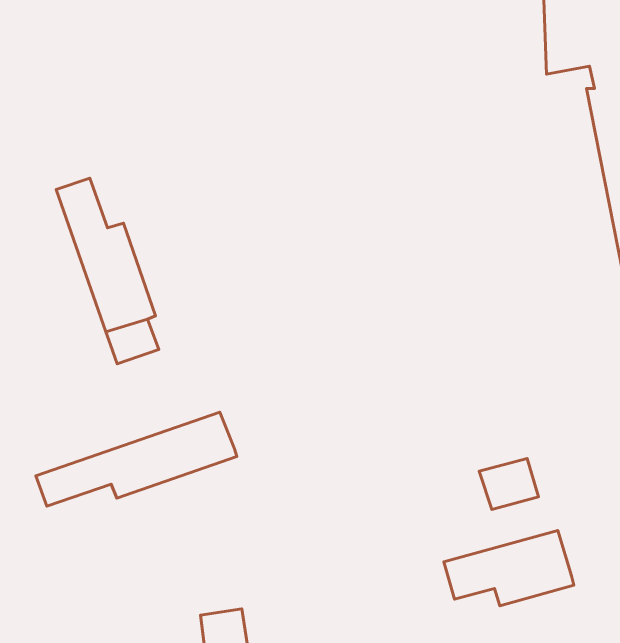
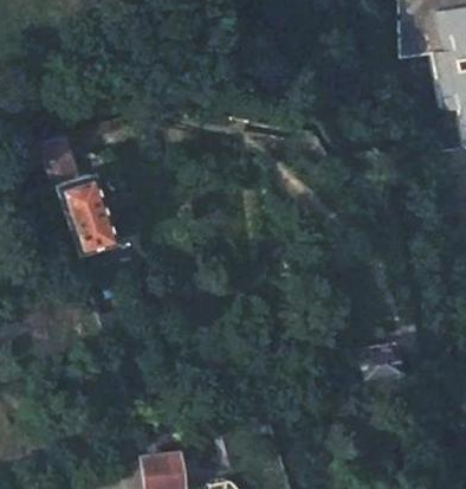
building: [36,412,237,506] -> none
building: [444,531,574,606] -> none

